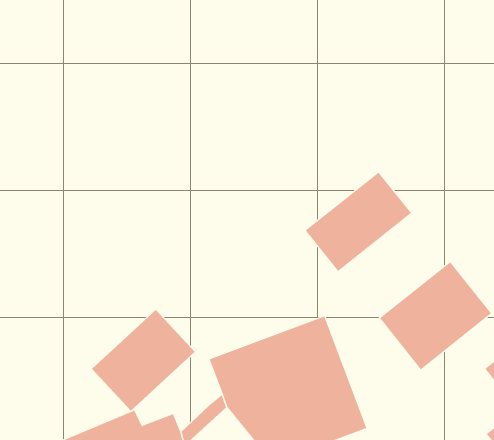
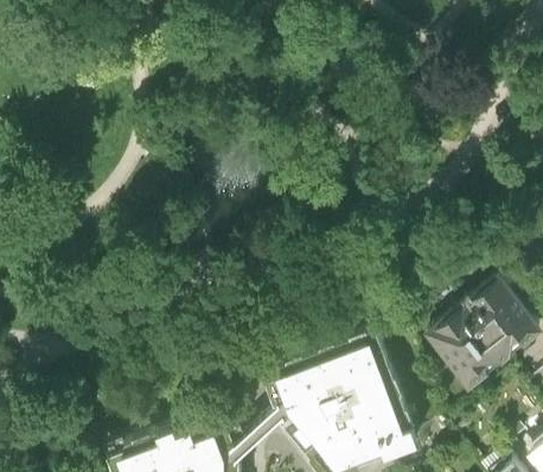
building: [305,172,412,272] -> none
building: [91,309,196,412] -> none

